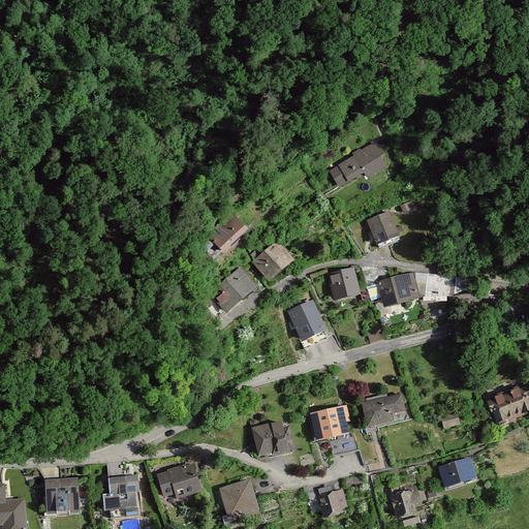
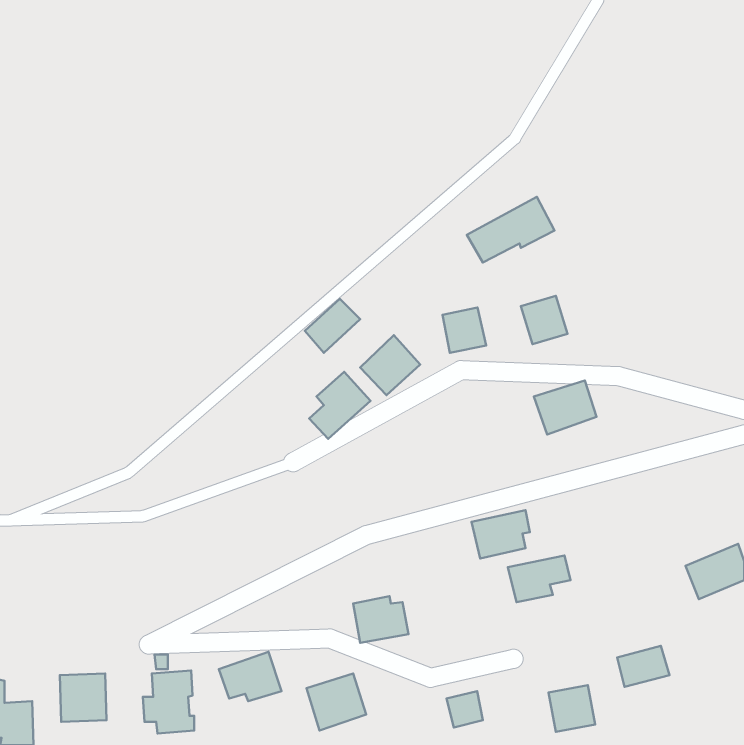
building: [332,267,363,299] -> [442,308,486,353]
building: [289,298,330,341] -> none
building: [307,406,348,440] -> [471,510,530,558]

